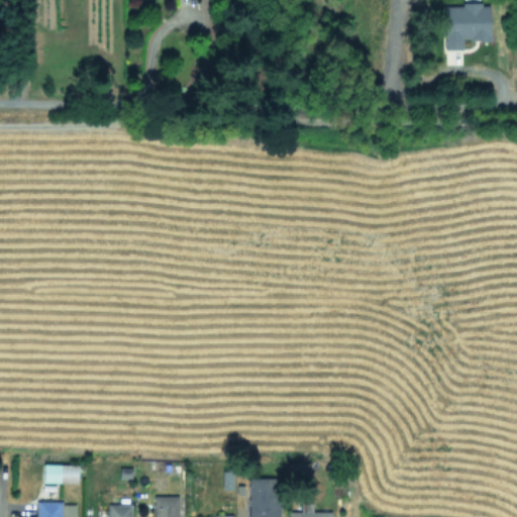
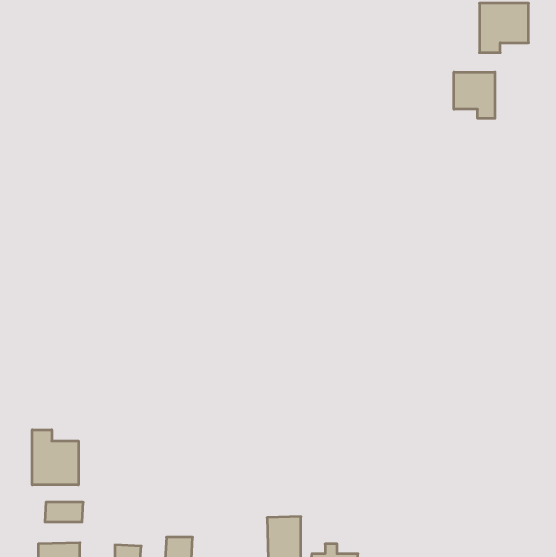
building: none -> [454,72,495,118]
building: none -> [32,430,78,485]

